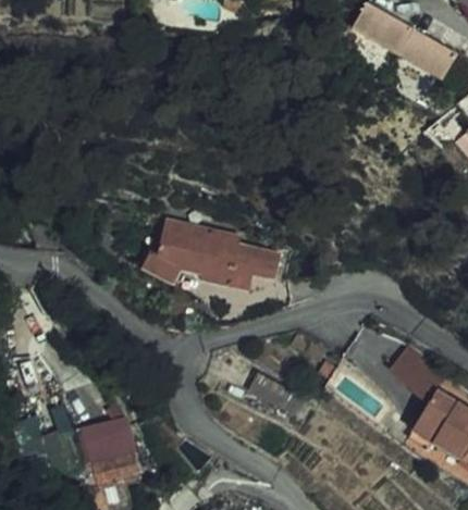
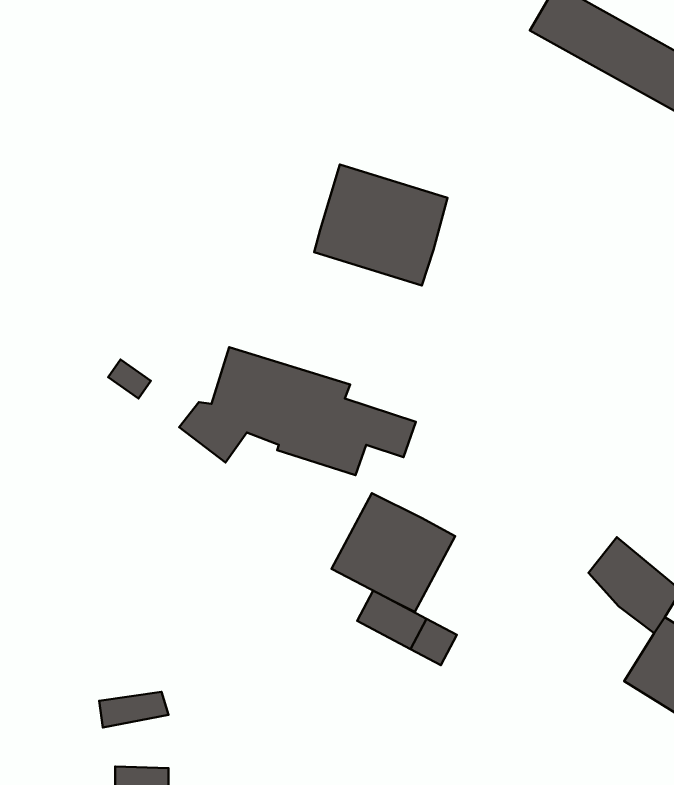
building: none -> [314,165,447,286]
building: none -> [332,493,455,612]
building: [90,446,135,475] -> none

